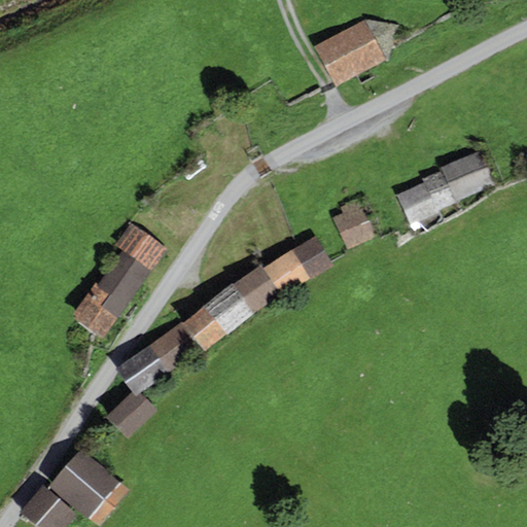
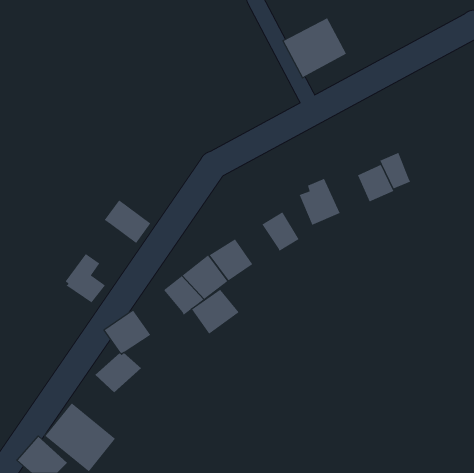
building: [441,149,494,200] -> none
building: [98,249,151,317] -> none
building: [262,249,309,295] -> none
building: [148,321,202,372] -> [191,289,240,334]

